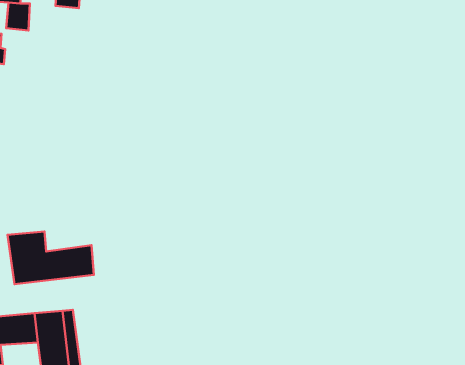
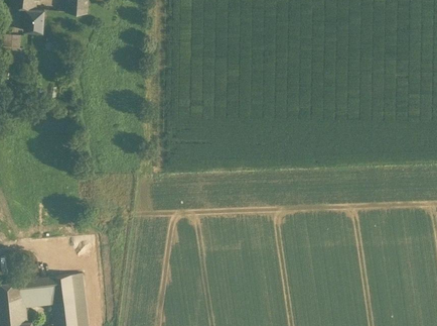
building: [7,231,94,284] -> none

